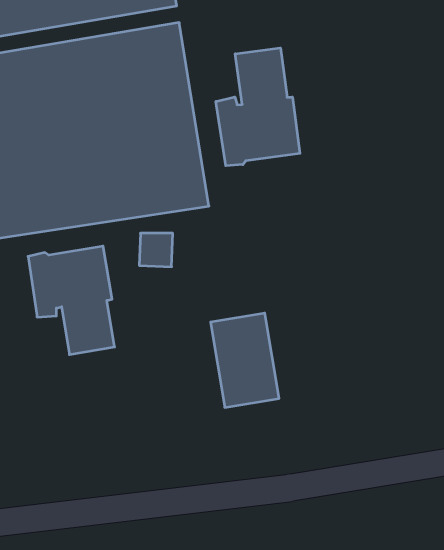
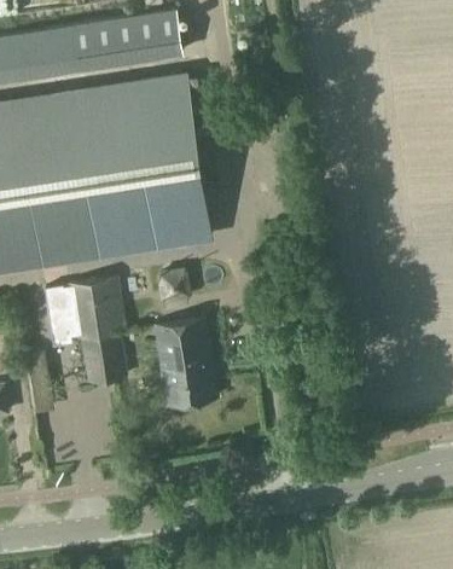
building: [216,48,300,166] -> none
building: [211,313,279,407] -> [151,317,215,405]

